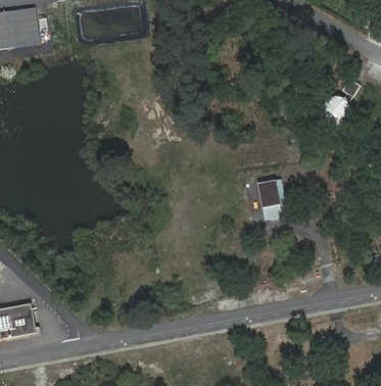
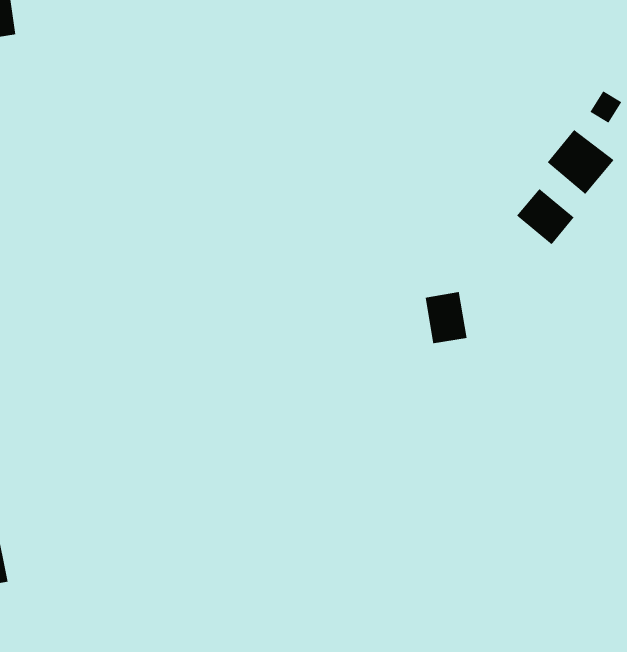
building: none -> [516,188,575,245]

